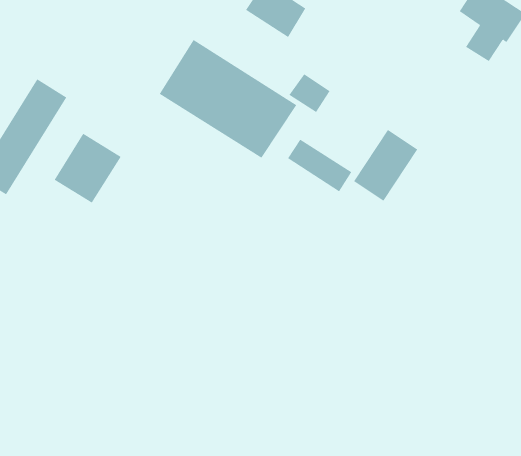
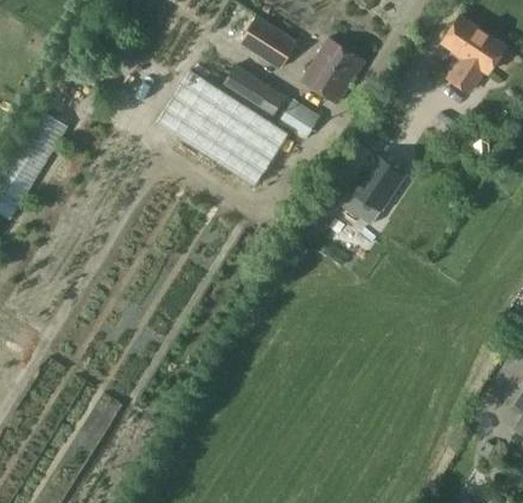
building: none -> [303,40,365,103]
building: [54,133,121,204] -> none
building: [287,139,352,192] -> [225,68,286,118]

